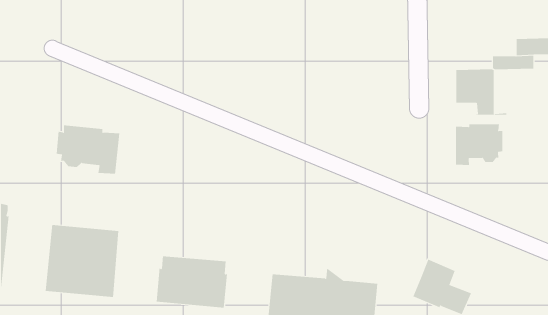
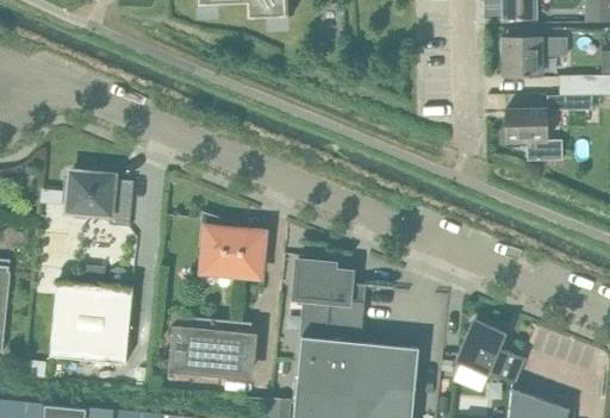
building: none -> [504,38,567,77]
building: [456,124,503,166] -> none
building: none -> [201,216,262,275]
building: none -> [295,255,365,342]

